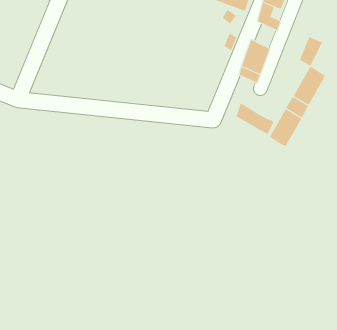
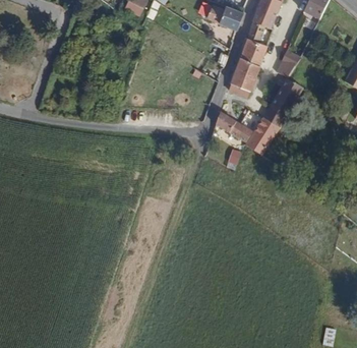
building: none -> [239,37,264,63]

